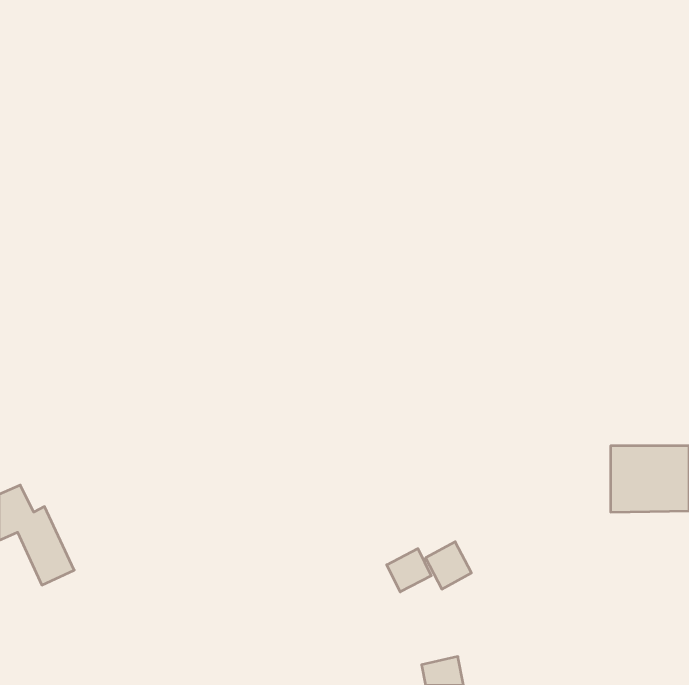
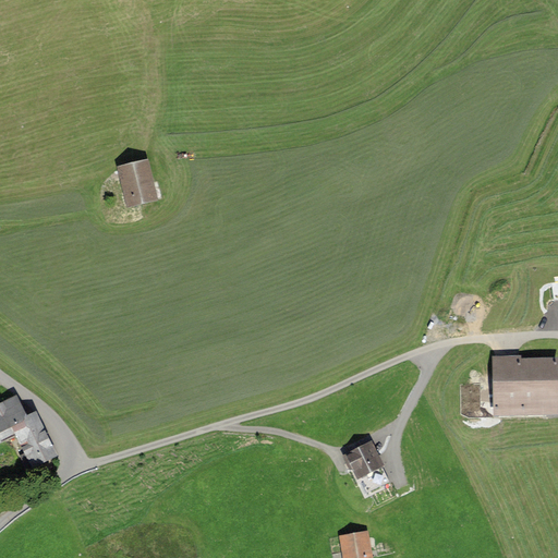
building: none -> [119,160,159,205]
building: [387,549,431,592] -> none

